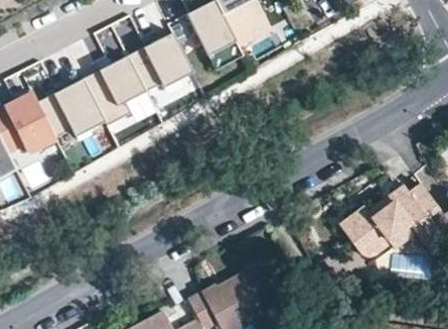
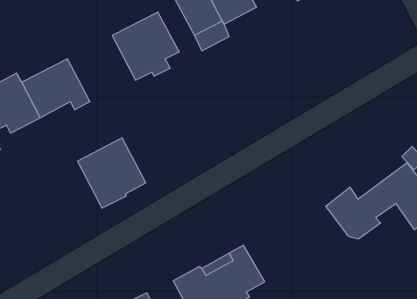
building: [83,54,150,124] -> [78,138,146,208]

